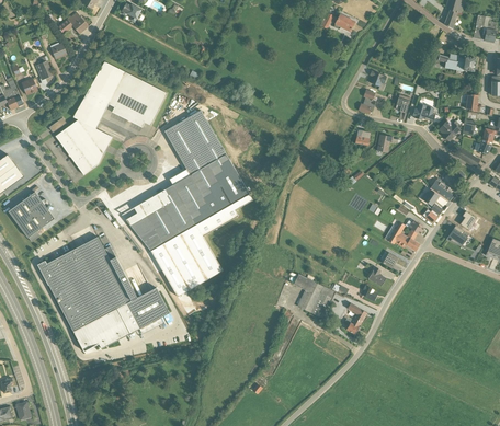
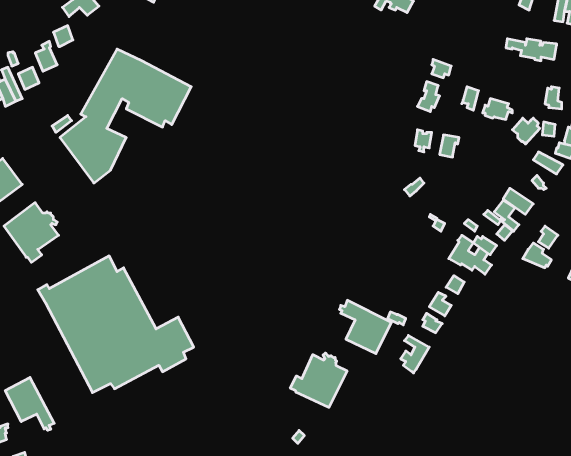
building: [125,110,252,295] -> none
building: none -> [290,353,347,407]
building: none -> [5,377,54,430]

